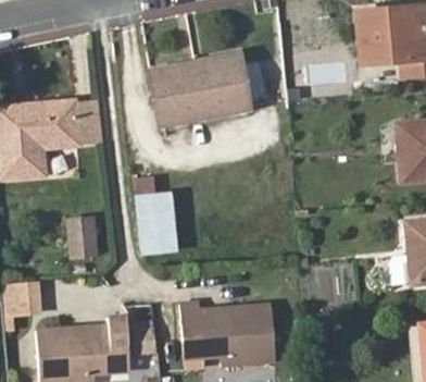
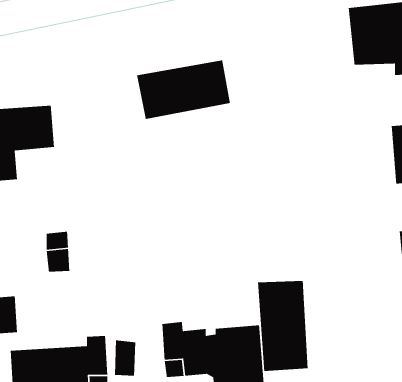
building: [77,99,103,141] -> none
building: [135,178,178,256] -> none
building: none -> [257,280,309,372]

